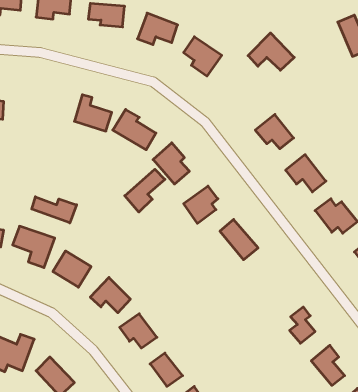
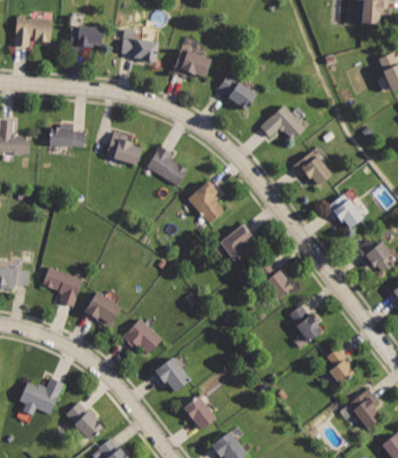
building: [248,33,294,70] -> [260,104,307,142]
building: none -> [49,125,86,149]
building: [125,169,165,212] -> none
building: [32,197,77,223] -> none
building: none -> [288,302,324,341]

